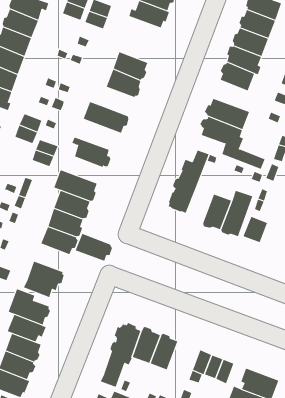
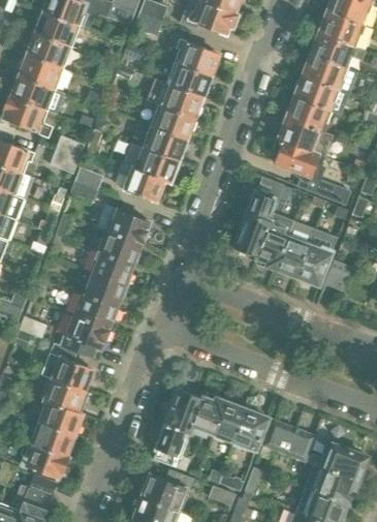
building: none -> [176,38,220,75]
building: none -> [288,96,333,134]
building: none -> [152,104,196,140]
building: none -> [122,143,180,182]
building: none -> [254,221,292,268]
building: [75,233,113,262] -> [73,293,119,327]
building: none -> [233,408,269,453]

